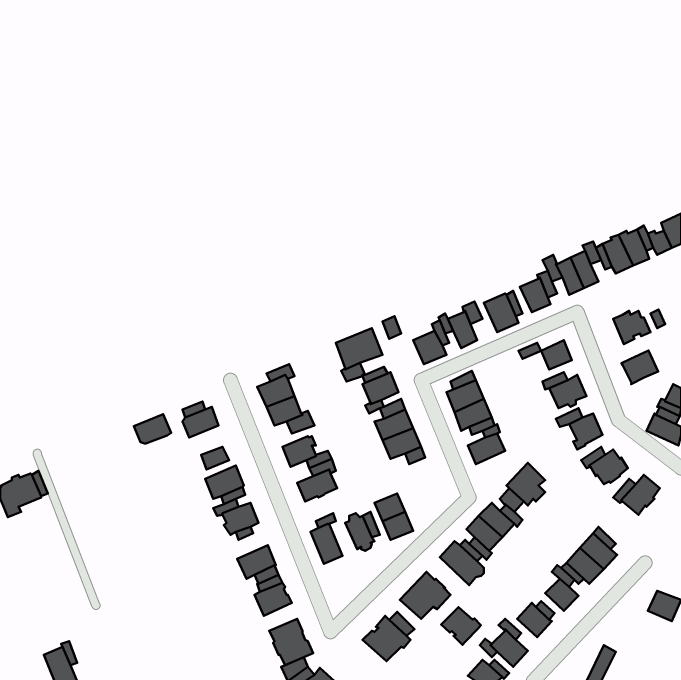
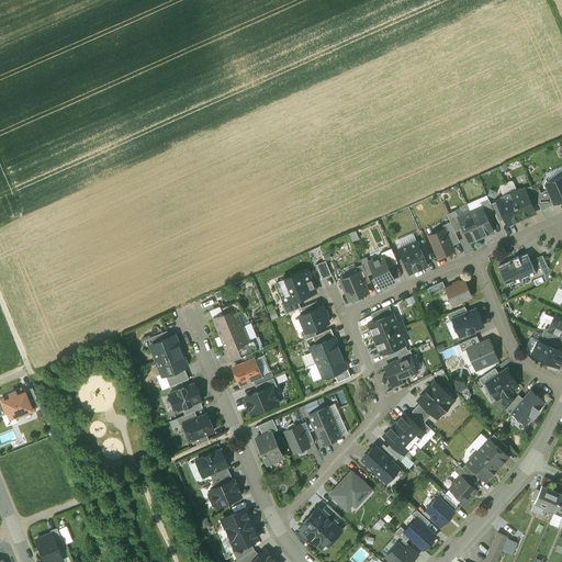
building: [622,350,658,384] -> none
building: [134,414,171,443] -> [156,351,187,375]
building: [441,607,481,645] -> none

